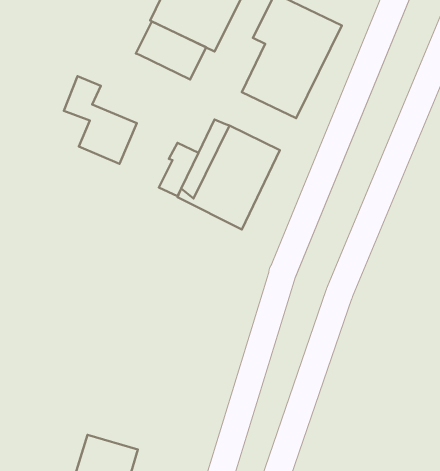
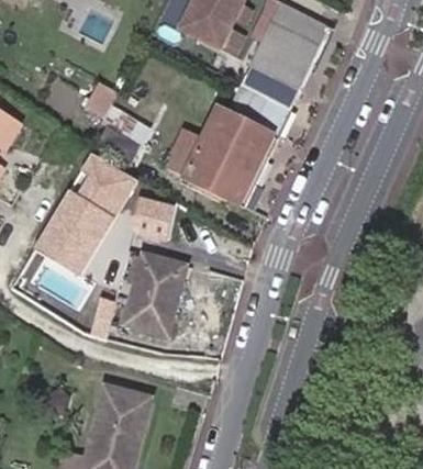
building: [136,21,206,79] -> [230,88,292,139]
building: none -> [38,145,137,264]
building: none -> [124,197,172,235]
building: none -> [120,248,183,330]

